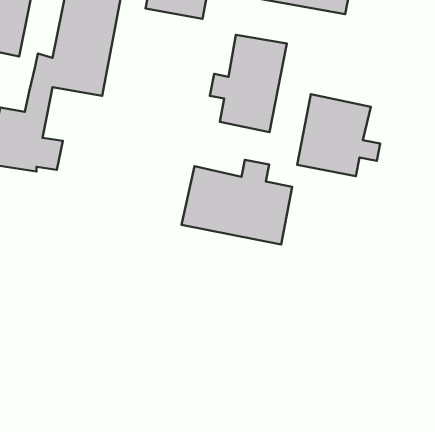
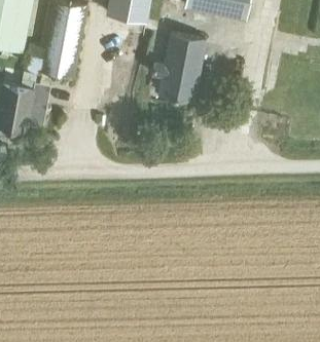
building: [297,94,380,176] -> none
building: [181,160,292,244] -> none

